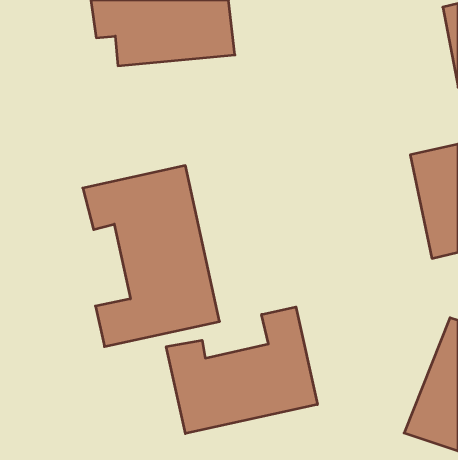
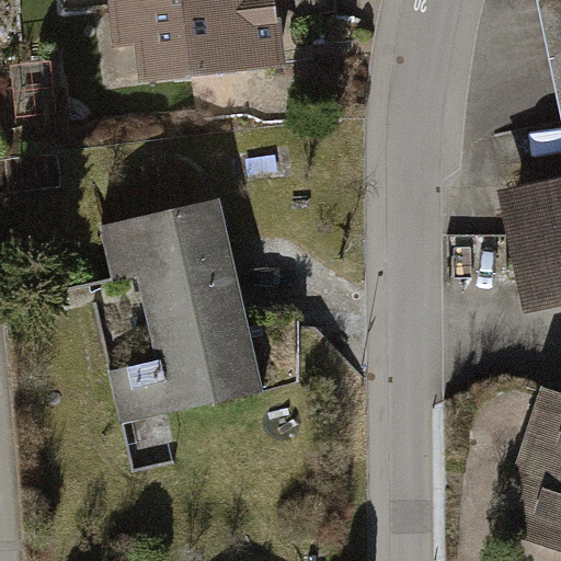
building: [166,307,317,434] -> none

